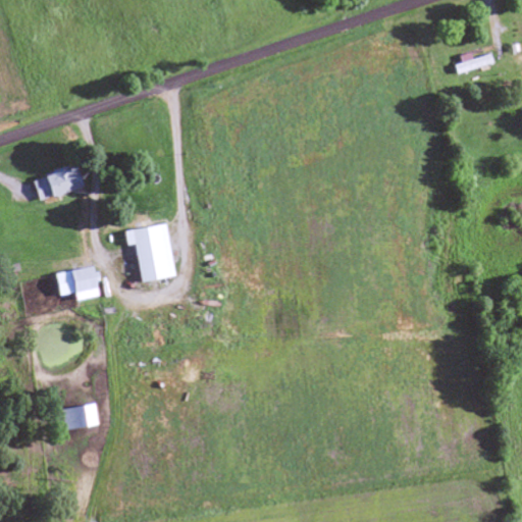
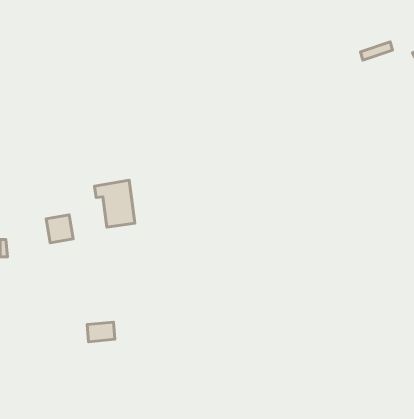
building: [36,165,85,200] -> none
building: [62,404,97,428] -> [87,322,115,342]

